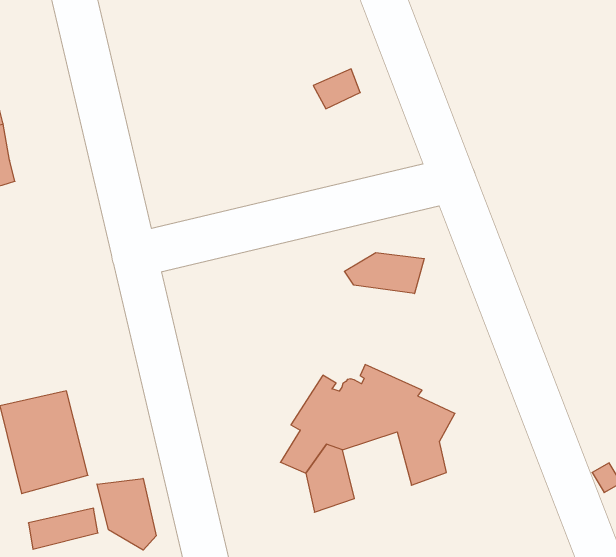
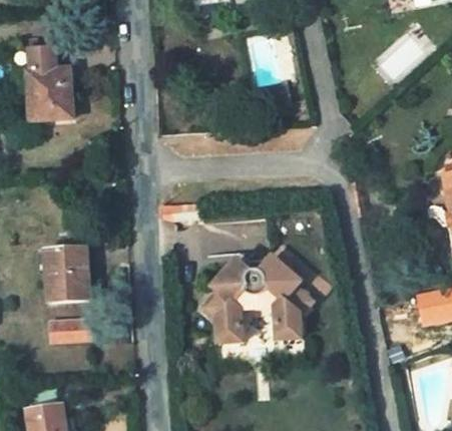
building: [344,253,424,294] -> none
building: [97,478,156,550] -> none

